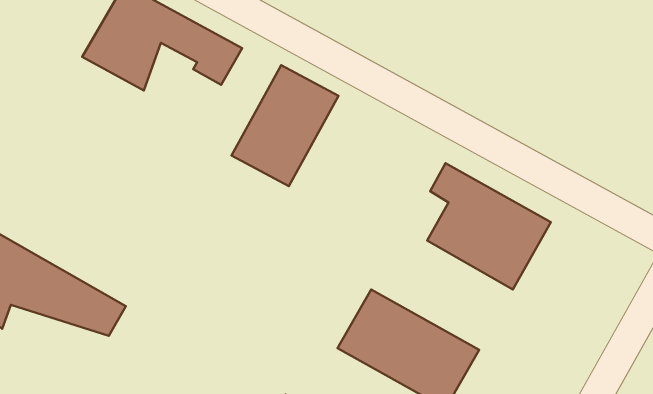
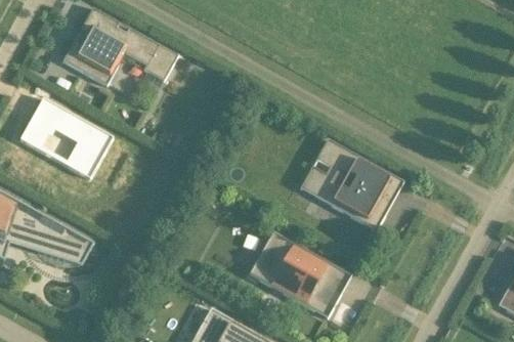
building: [232,65,338,186] -> none
building: none -> [17,98,114,181]

